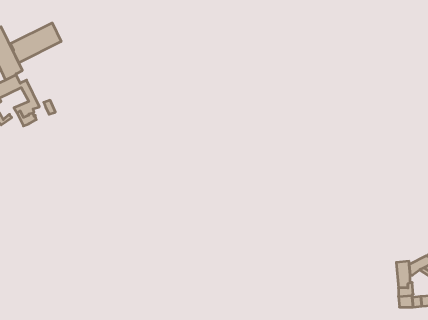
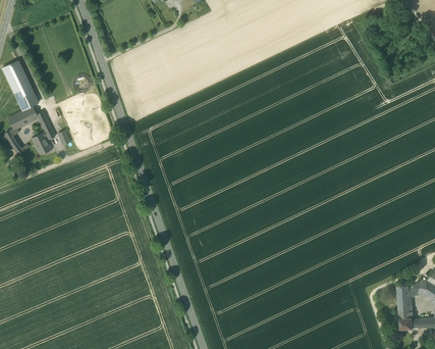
building: [10,23,61,63] -> none

